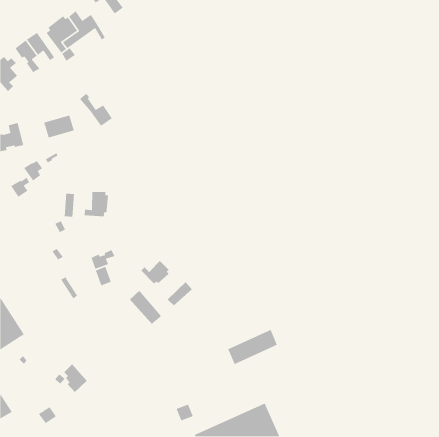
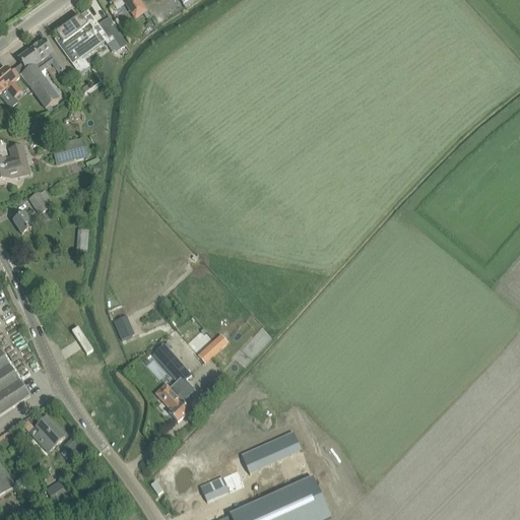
building: [79,93,113,127] -> [19,68,59,108]
building: [84,191,109,217] -> none
building: [90,249,116,270] -> none
building: [141,260,169,285] -> none
building: none -> [155,379,193,420]
building: [227,329,278,365] -> [241,431,301,473]
building: [63,364,88,393] -> [36,415,64,450]

